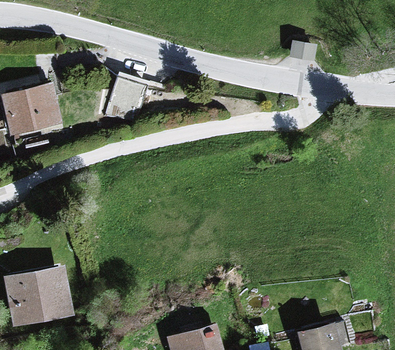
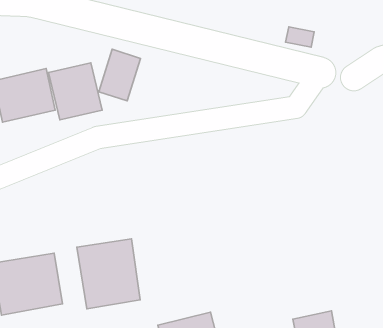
building: none -> [49,63,102,120]
building: none -> [77,239,140,309]

